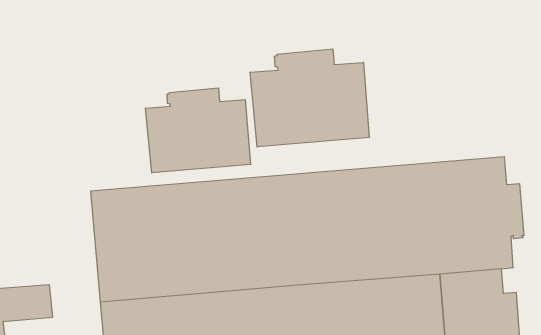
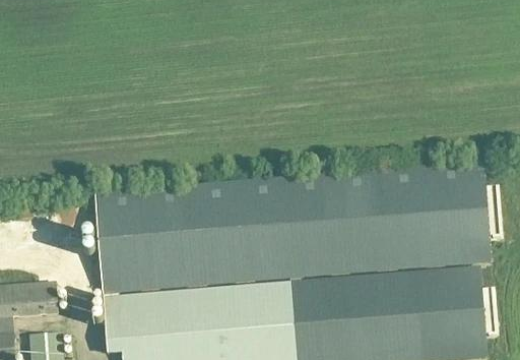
building: [250,49,369,147] -> none
building: [146,88,250,173] -> none

